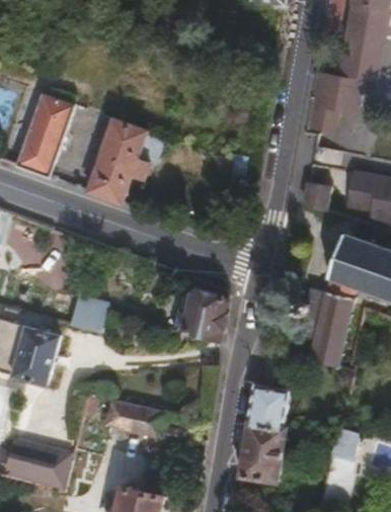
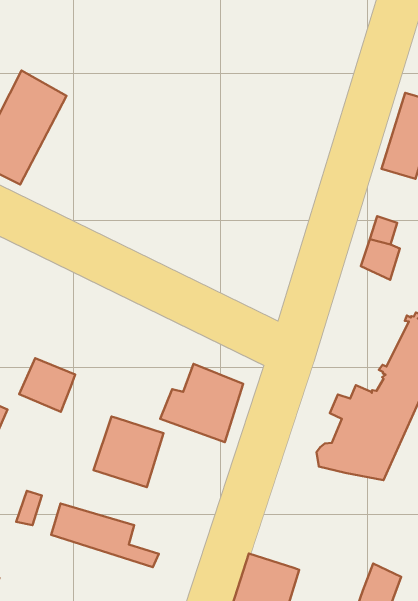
building: [90,118,164,202] -> none
building: none -> [93,417,164,487]
building: [248,381,288,426] -> none

